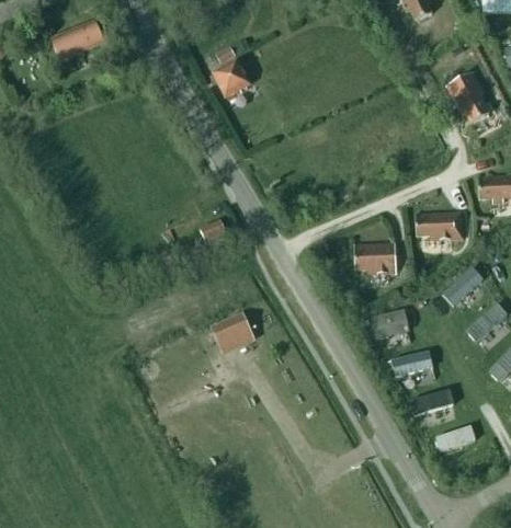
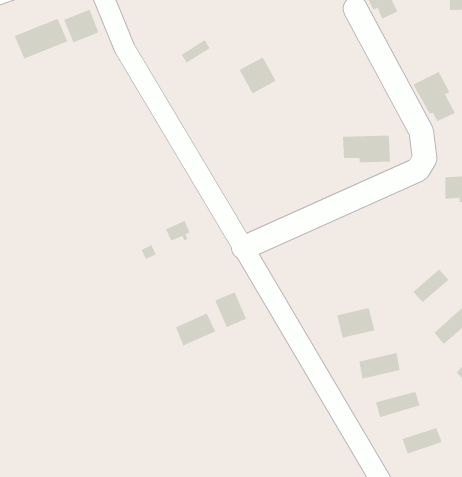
building: none -> [64,9,99,43]
building: [213,60,250,97] -> [239,57,277,94]
building: [415,213,463,240] -> [342,135,391,163]
building: [354,243,396,274] -> none
building: none -> [214,291,247,328]

